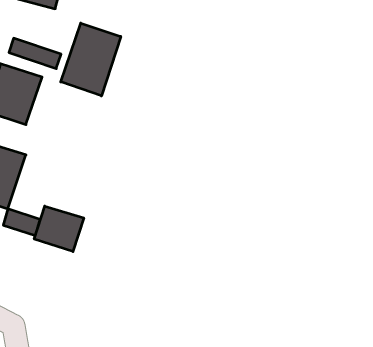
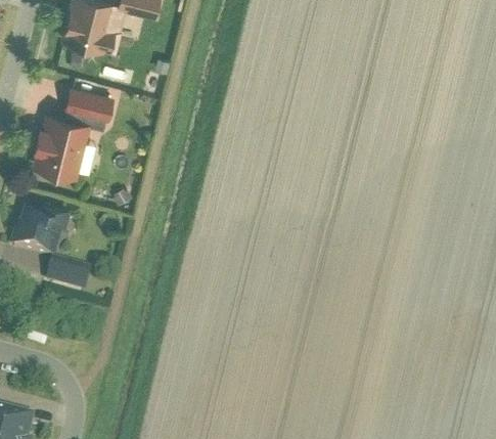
building: [61,23,121,96] -> none
building: [34,206,84,252] -> none

